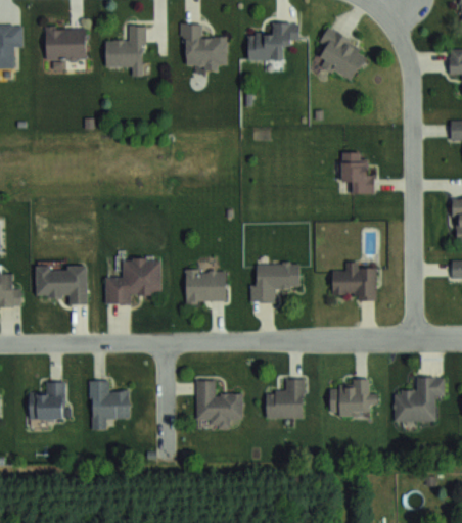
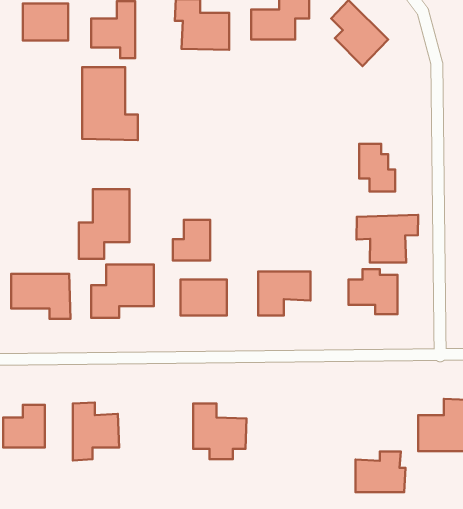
building: none -> [82,67,138,140]
building: none -> [79,189,129,259]
building: none -> [356,215,418,263]
building: none -> [173,220,210,260]
building: [266,378,305,419] -> none
building: [330,379,374,415] -> [355,452,405,492]

